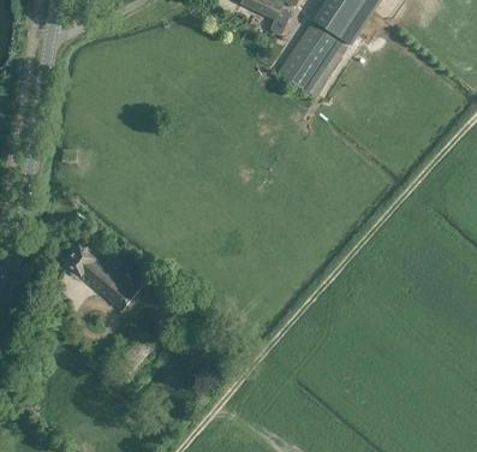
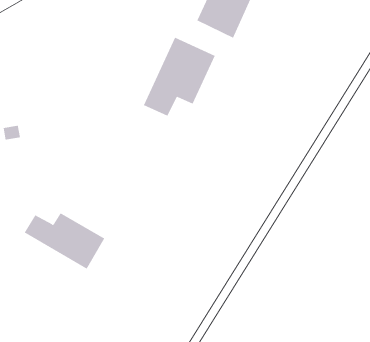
building: none -> [143,37,216,116]

